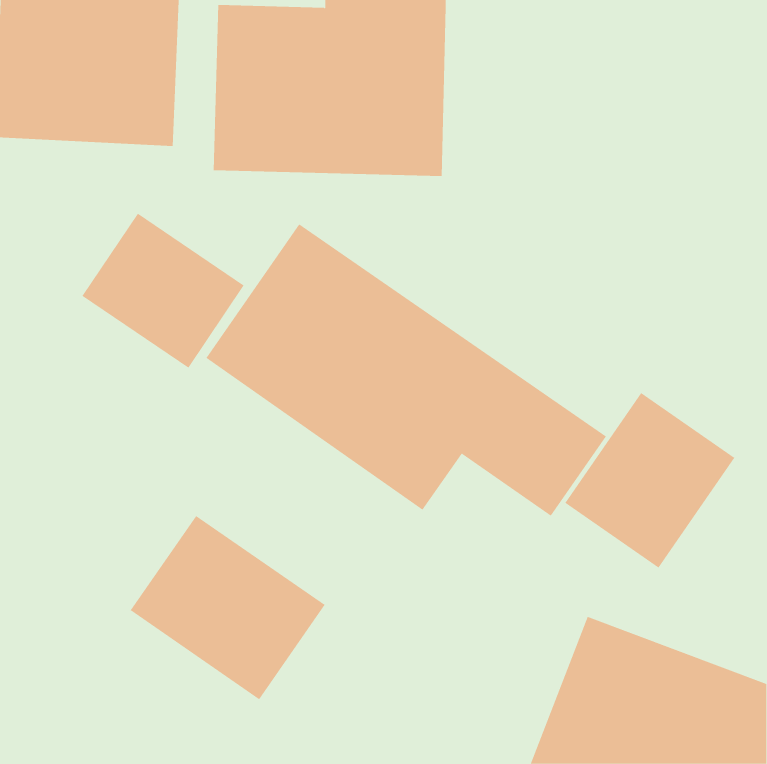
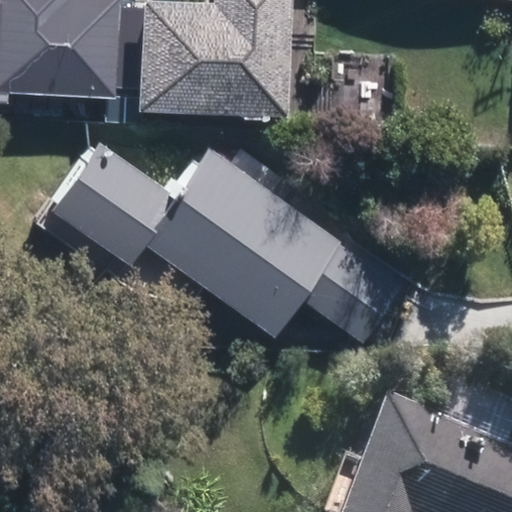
building: [565,392,735,568] -> none
building: [130,515,326,700] -> none

